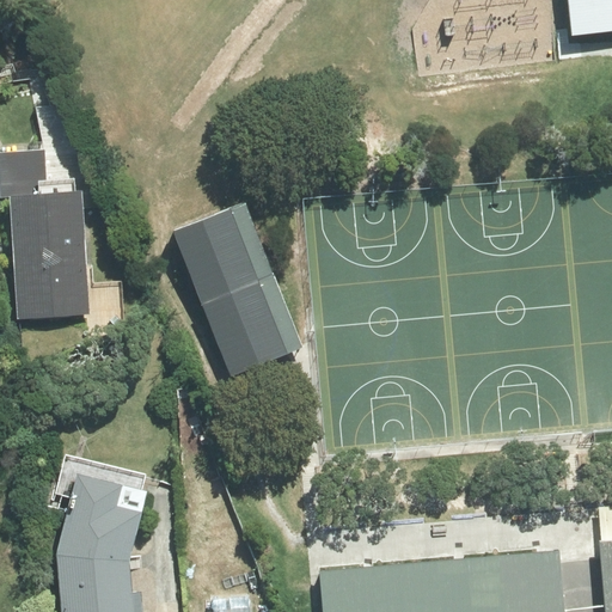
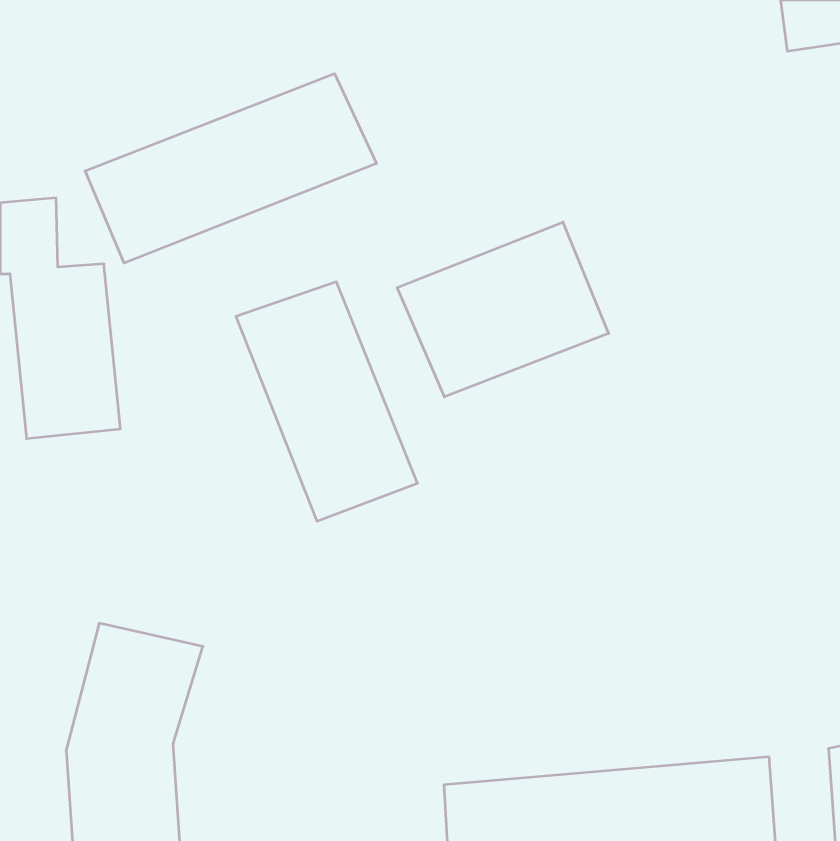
building: none -> [85,74,376,263]
building: none -> [397,222,609,397]

